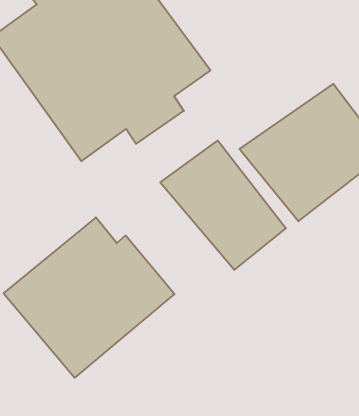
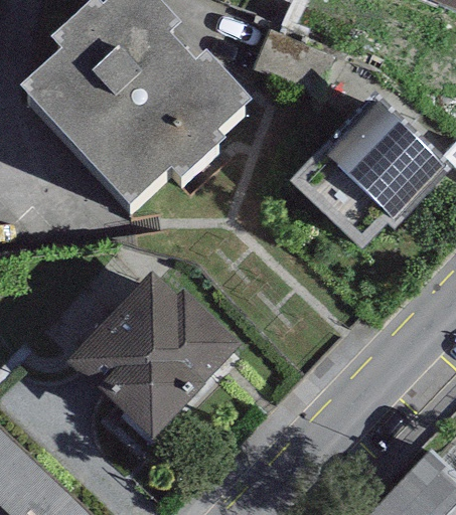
building: [160,141,286,270] -> none

